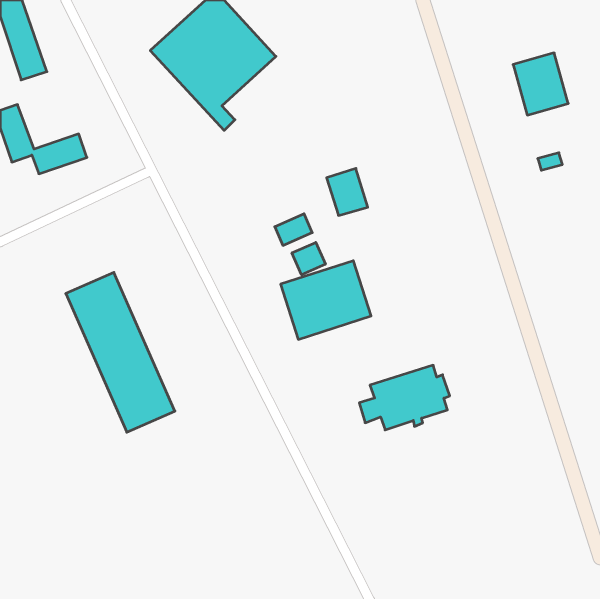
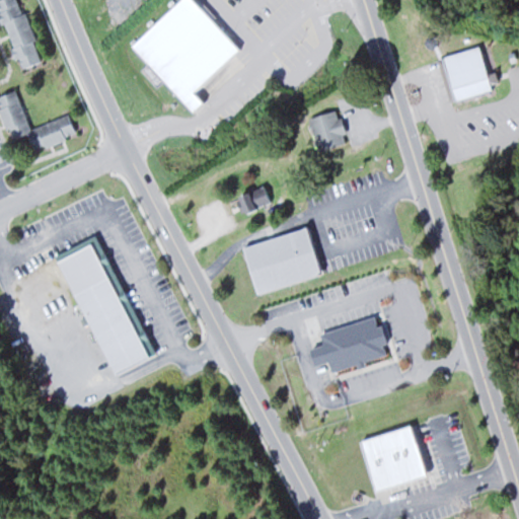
building: [327,168,368,215] -> [309,110,345,151]
building: [292,242,325,275] -> none
building: none -> [361,425,426,491]

